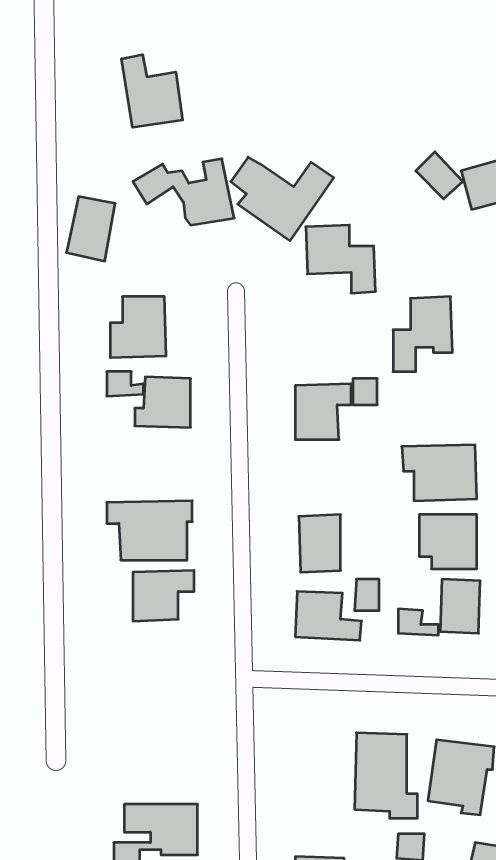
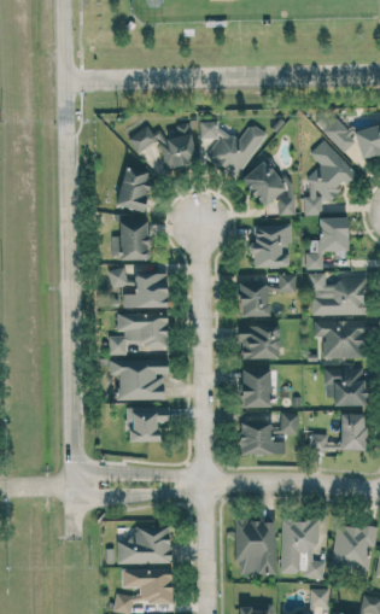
building: [122,55,183,127] -> none
building: none -> [304,140,358,216]
building: [66,197,115,261] -> [117,168,151,212]
building: none -> [252,226,291,269]
building: none -> [308,274,367,316]
building: none -> [109,314,169,356]
building: none -> [240,326,280,359]
building: none -> [235,519,276,575]
building: none -> [117,527,171,565]

